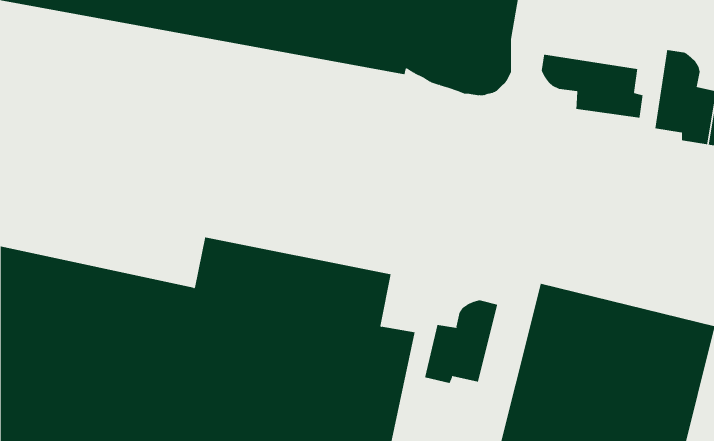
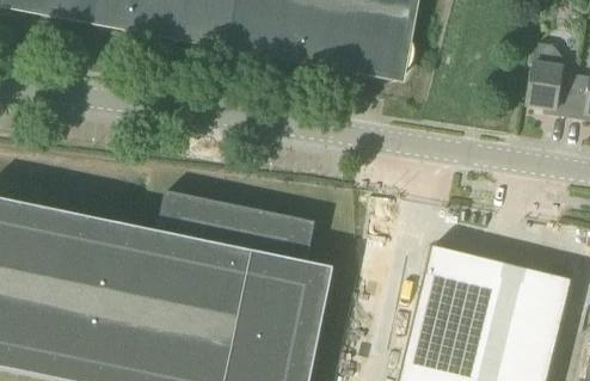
building: [541,54,643,119] -> none
building: [425,300,498,384] -> none

